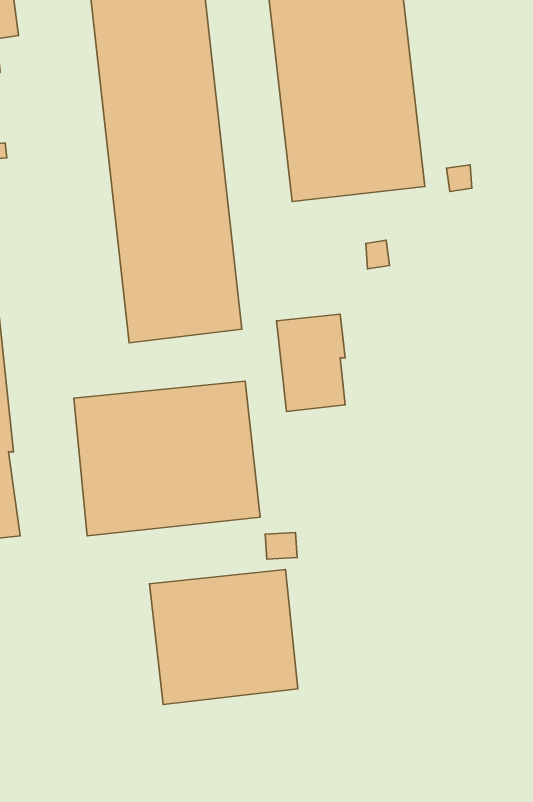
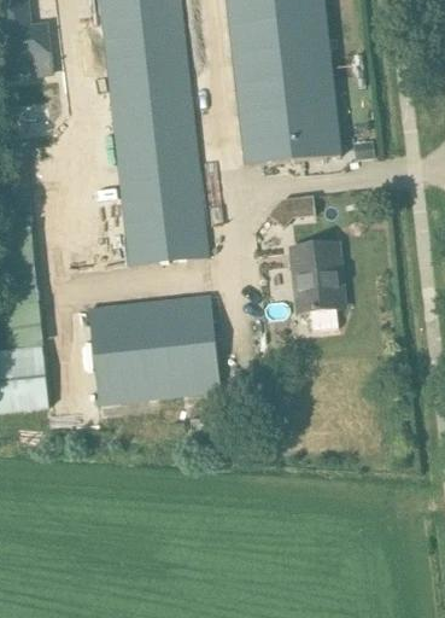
building: [276,314,345,411] -> [291,241,340,311]
building: [149,569,298,705] -> none

